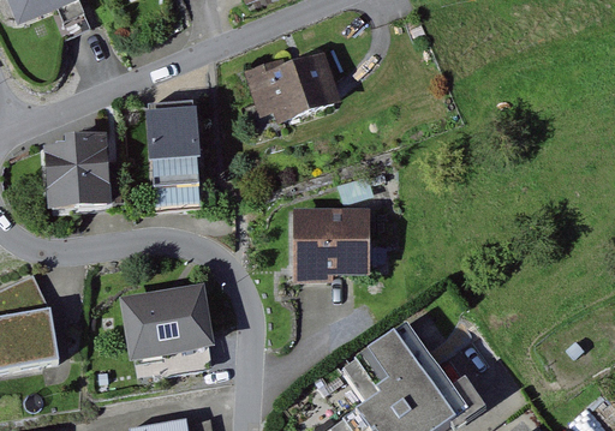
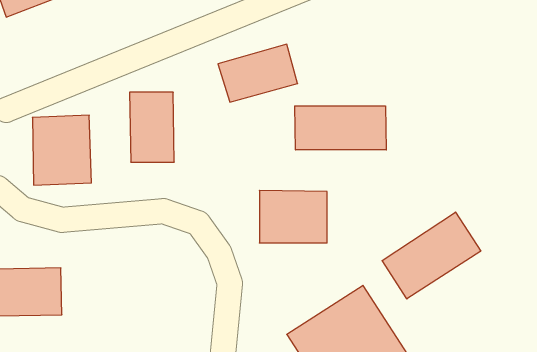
building: none -> [295,106,386,150]
building: none -> [382,212,481,299]
building: [124,292,209,359] -> none

